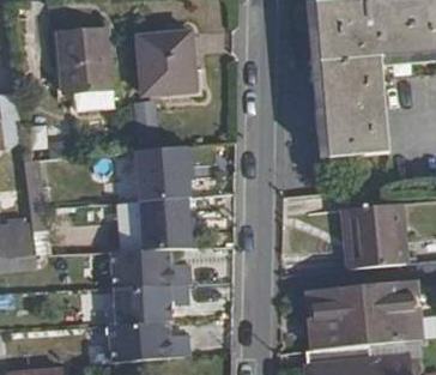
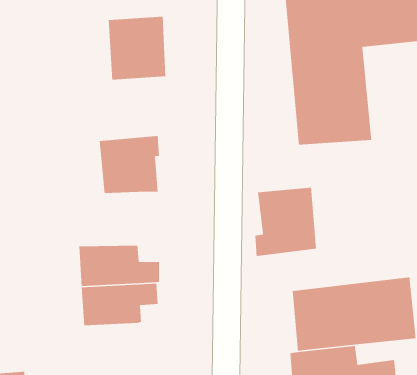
building: [60,28,113,91] -> none
building: [107,200,176,250] -> none
building: [350,205,408,271] -> [255,187,317,257]
building: [109,323,189,364] -> none

